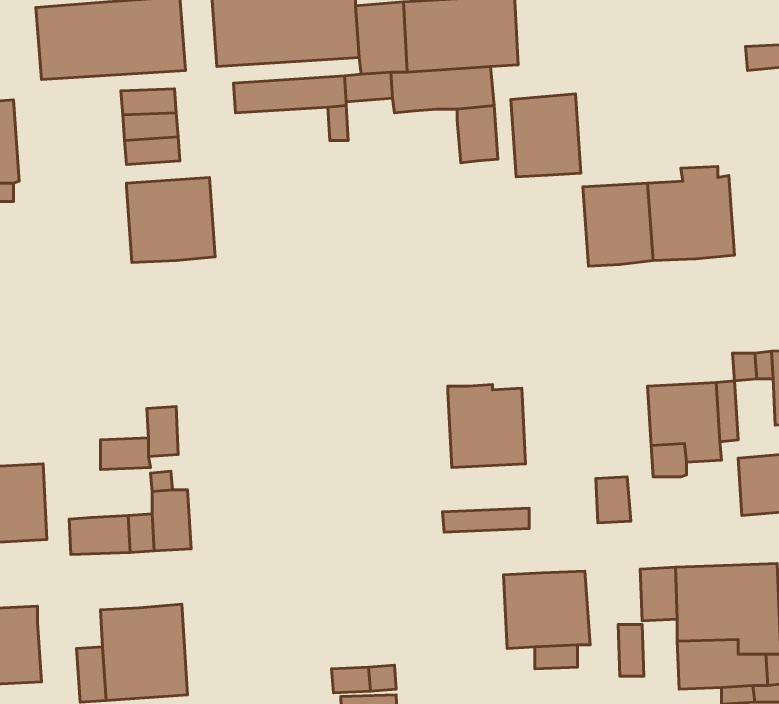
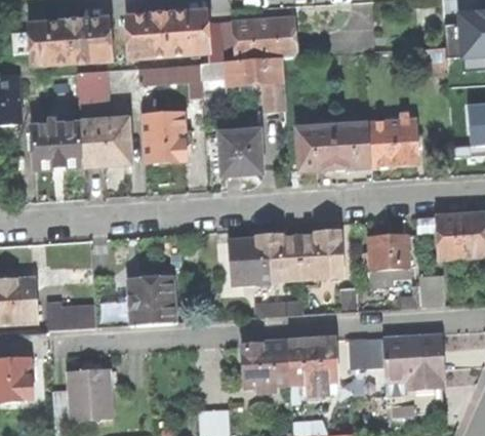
building: [511,94,581,177] -> [297,125,336,171]
building: none -> [143,114,185,162]
building: none -> [31,120,83,170]
building: none -> [220,131,261,174]
building: none -> [299,232,343,279]
building: none -> [232,239,260,283]
building: none -> [127,277,175,325]
building: none -> [244,341,291,387]

